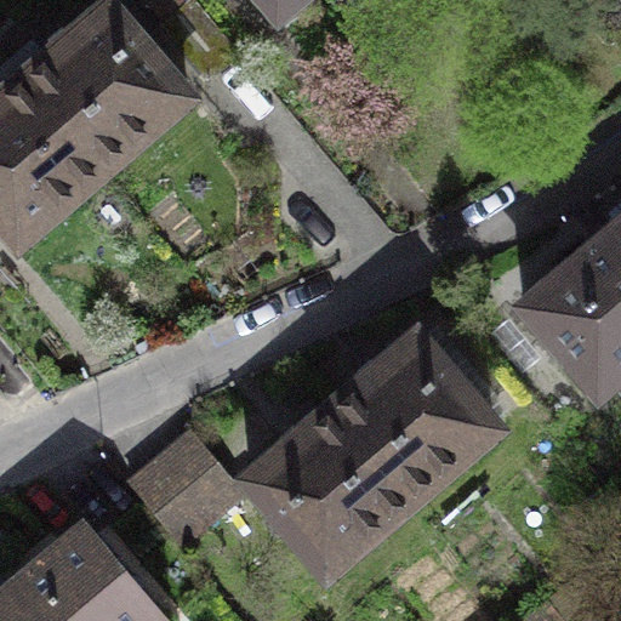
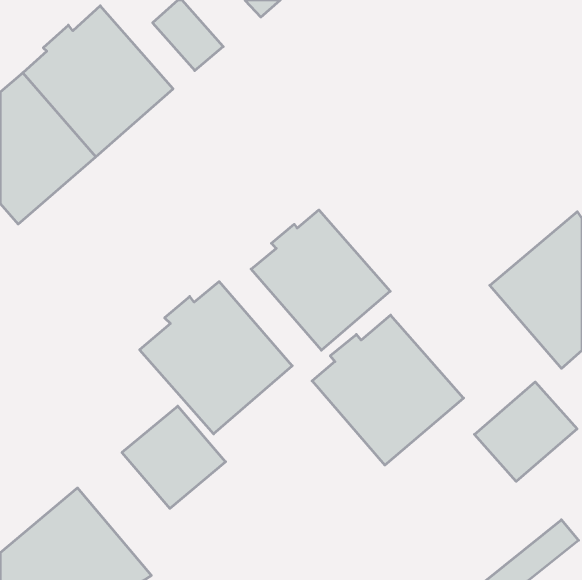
building: none -> [251,210,390,350]
building: [247,408,410,570] -> [140,282,292,434]
building: none -> [474,382,577,481]

